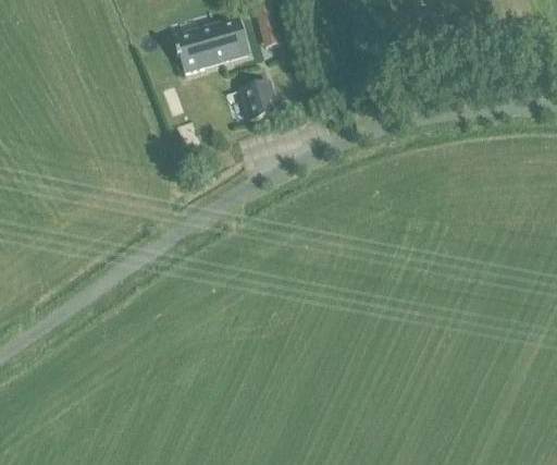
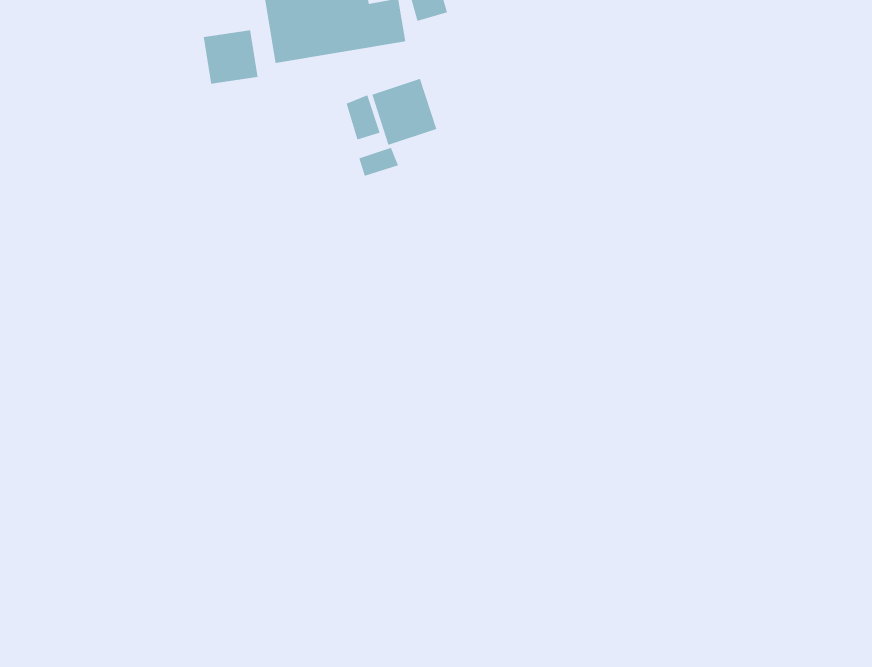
building: none -> [203,29,258,84]

